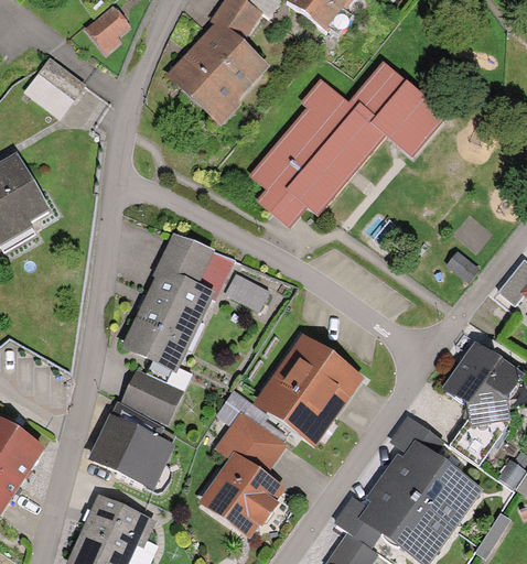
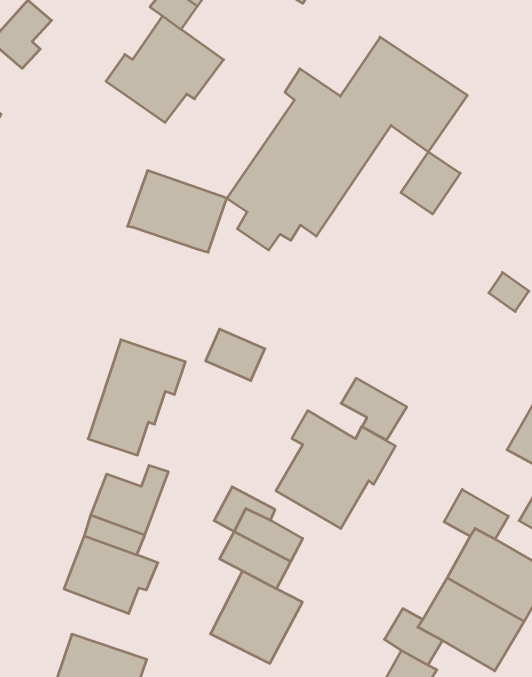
building: none -> [401,152,460,214]
building: [155,230,234,297] -> [127,171,227,252]
building: none -> [341,378,407,440]

